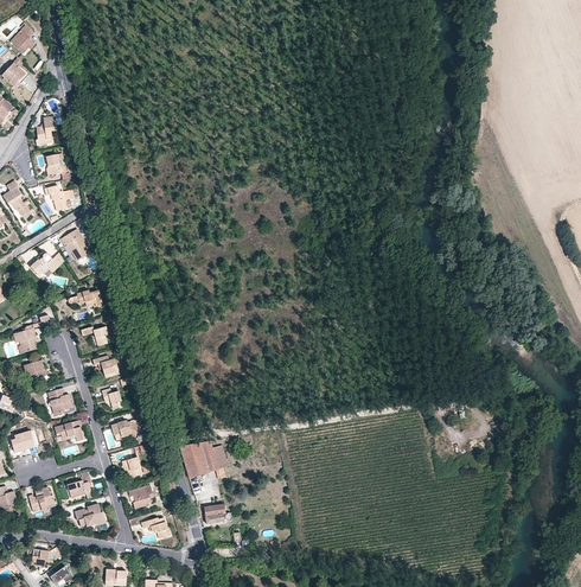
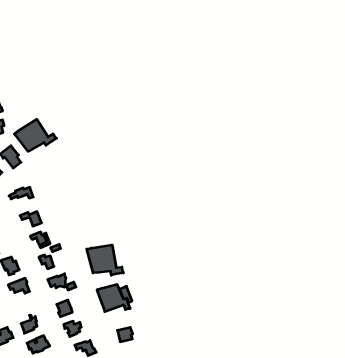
building: none -> [14,119,57,151]
building: none -> [87,245,123,275]

